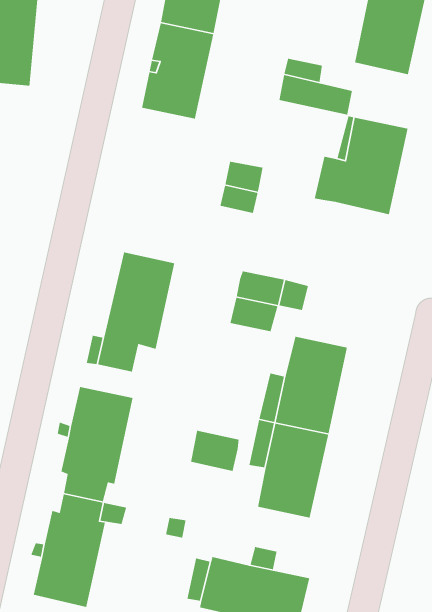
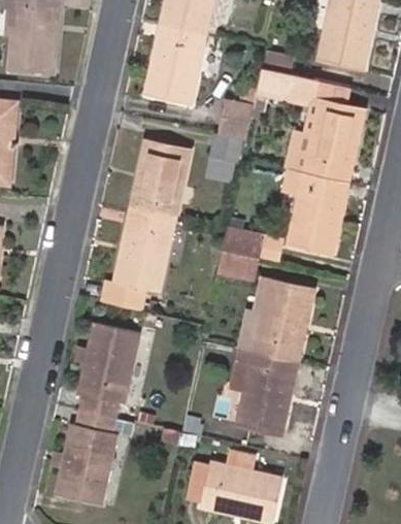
building: none -> [221,102,253,139]
building: none -> [130,141,189,221]
building: none -> [283,169,347,252]
building: [190,430,240,472] -> none

